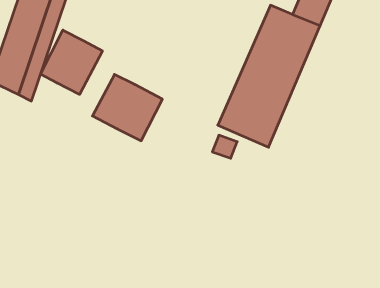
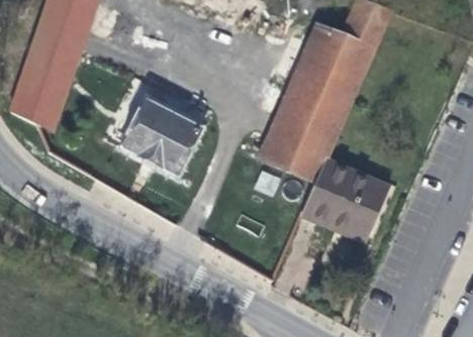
building: [41,30,102,94] -> none
building: none -> [305,161,389,240]

